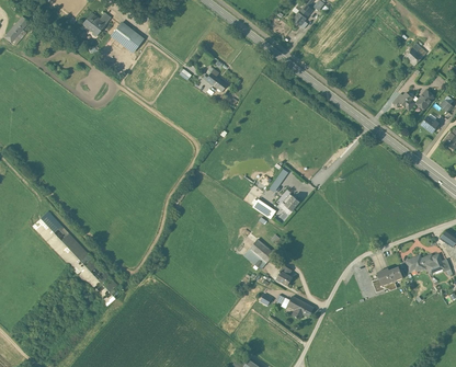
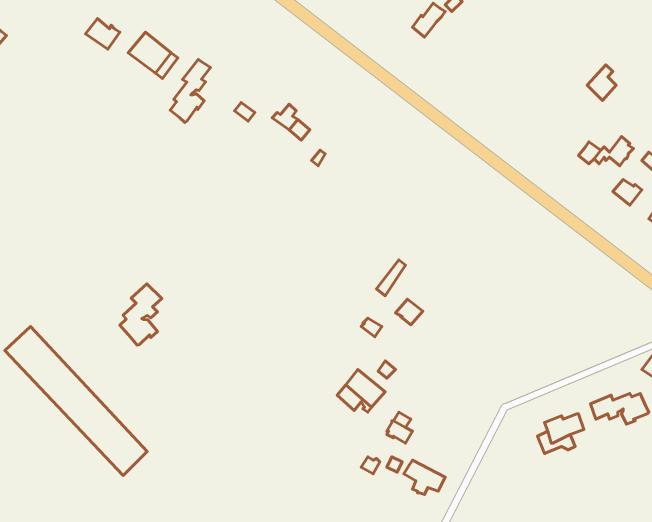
building: none -> [170,59,211,122]
building: none -> [120,284,162,345]

